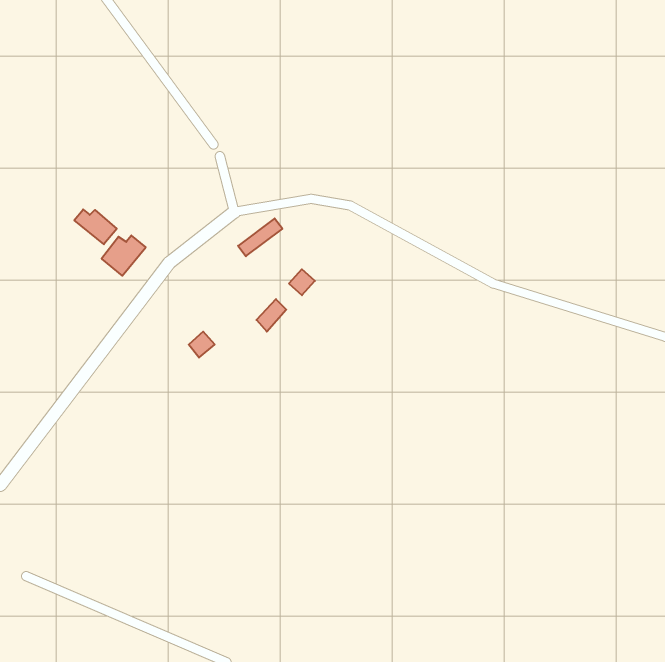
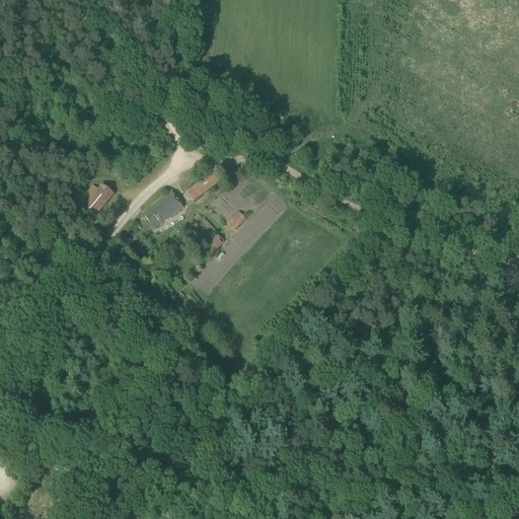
building: [74,209,117,244] -> none
building: none -> [143,191,182,227]

